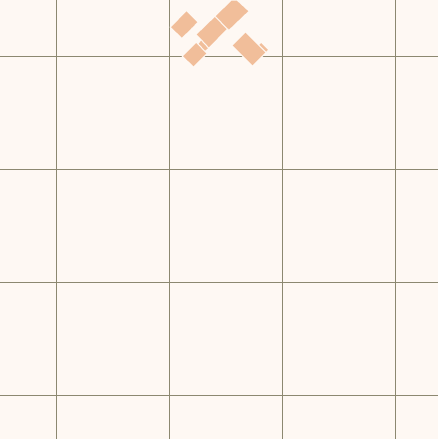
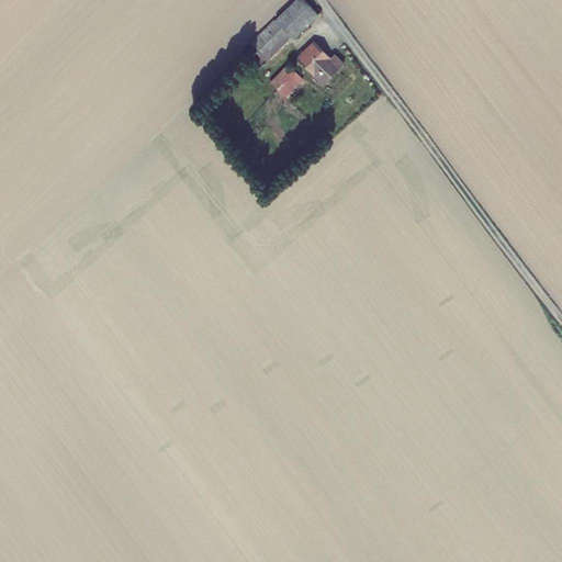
building: [170,11,198,39] -> none
building: [182,42,207,67] -> [270,65,302,97]

